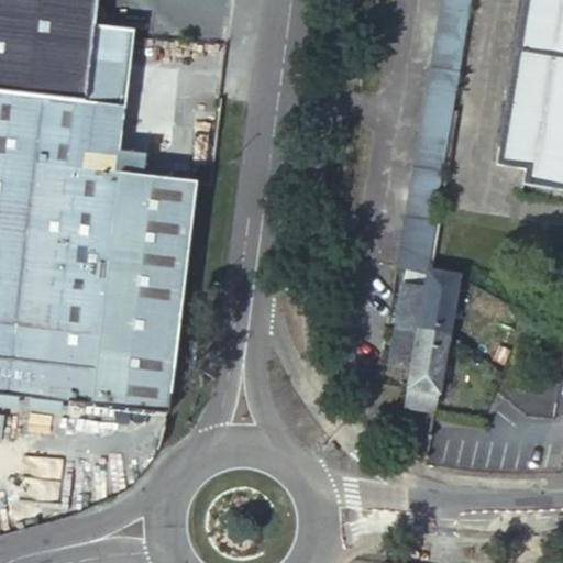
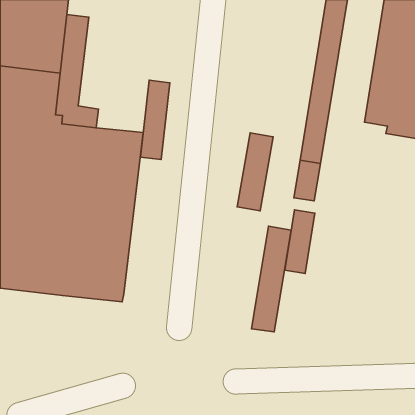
building: none -> [140,80,170,159]
building: none -> [237,133,273,211]
building: [407,269,461,412] -> [251,226,291,332]

